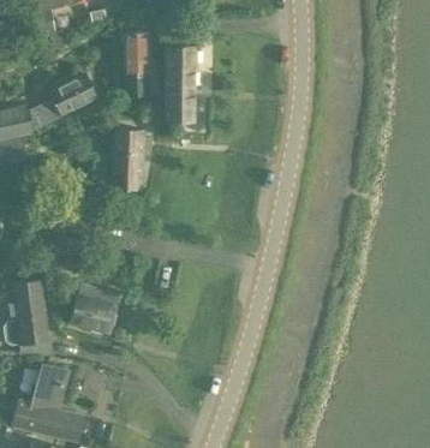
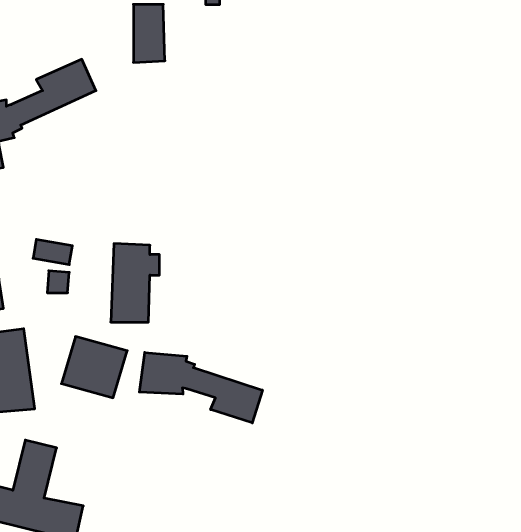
building: [165,46,195,120] -> none
building: [114,130,151,190] -> [111,244,159,322]
building: none -> [139,352,262,423]

